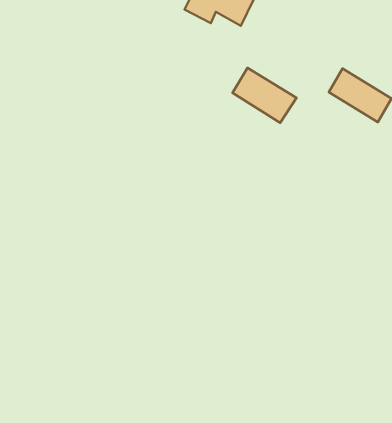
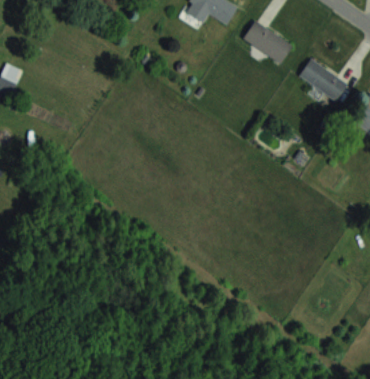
building: [232,68,296,123] -> [243,20,294,64]

